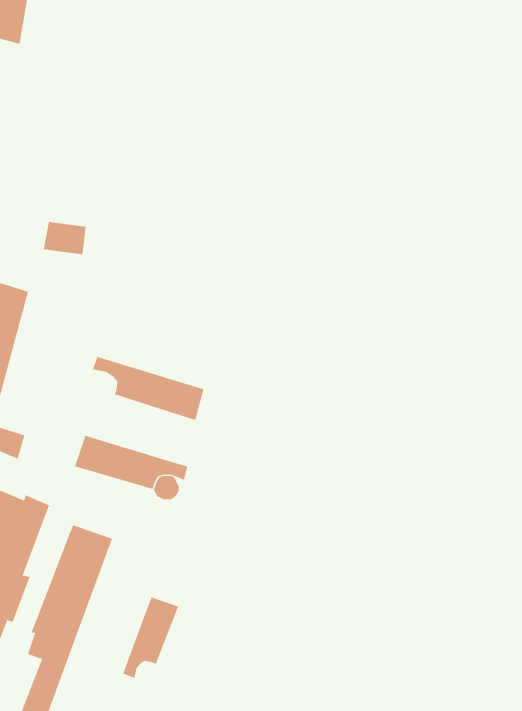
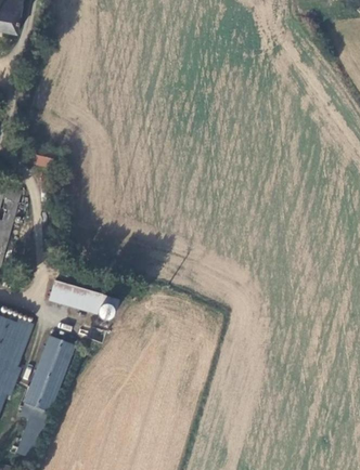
building: [92,356,204,421] -> none
building: [123,597,179,679] -> none

